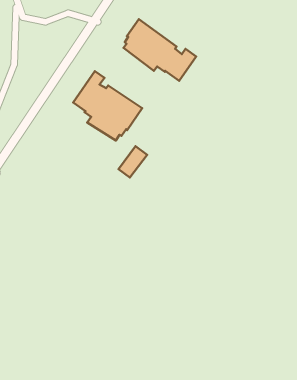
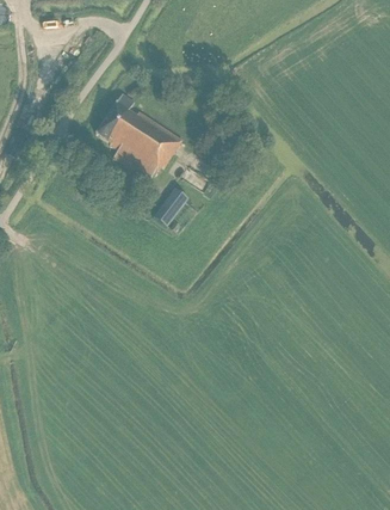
building: [123,19,196,81] -> none

